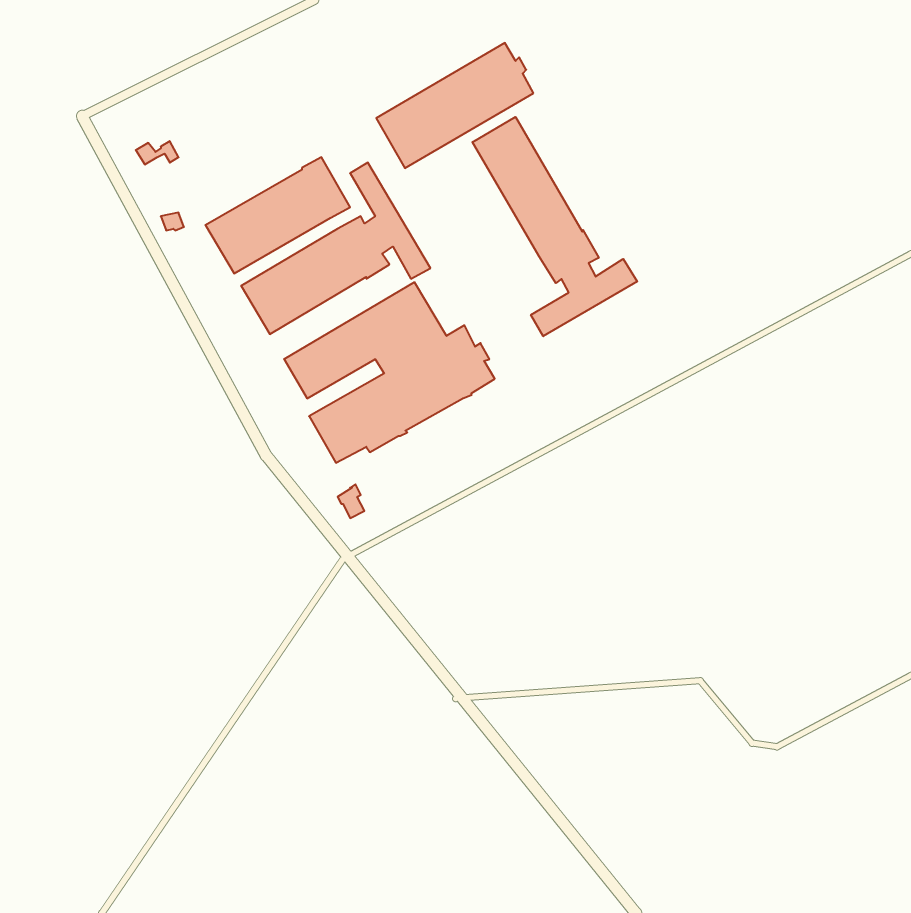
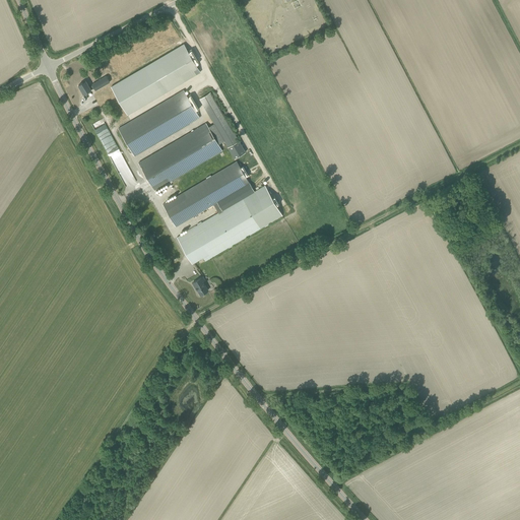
building: [376,43,533,168] -> [110,44,199,115]
building: [472,117,637,336] -> none

